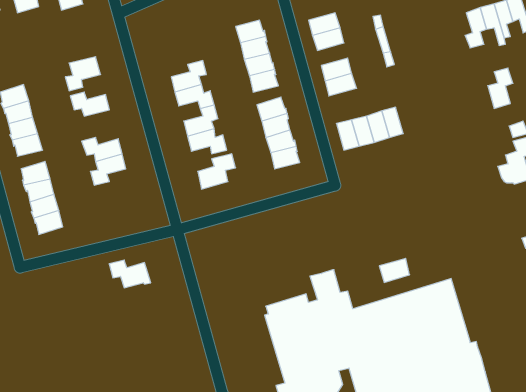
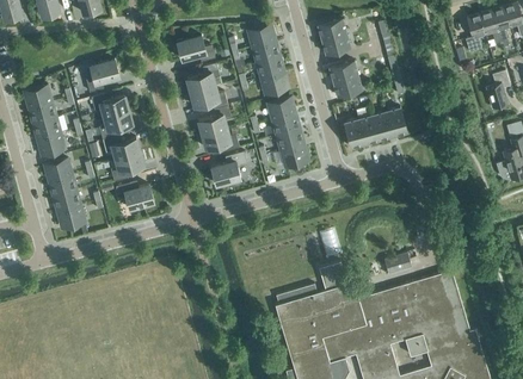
building: none -> [176,36,215,62]
building: none -> [99,110,131,139]
building: [109,260,151,288] -> [115,182,154,209]

